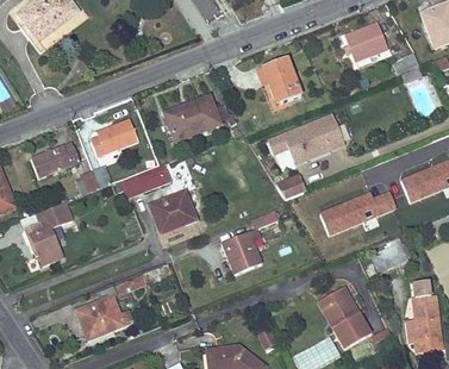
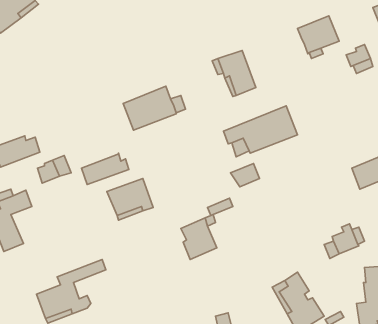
building: [91,121,136,156] -> none
building: [320,193,394,234] -> none

